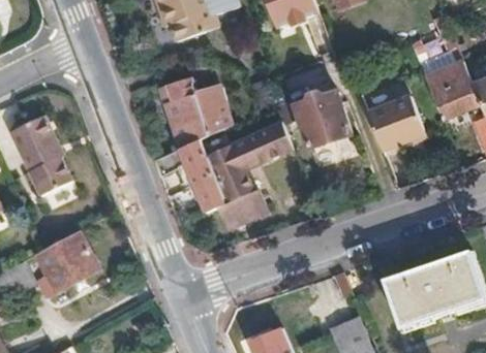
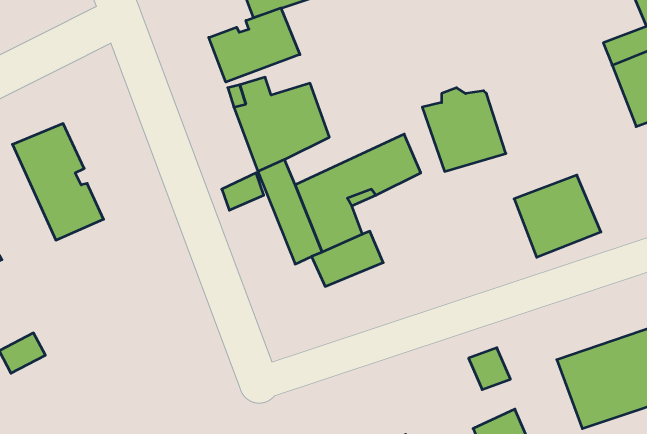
building: none -> [209,8,300,82]
building: [363,92,423,149] -> [514,175,601,257]
building: [37,230,98,290] -> none

